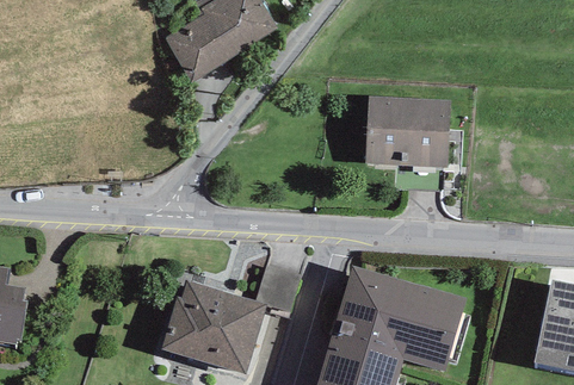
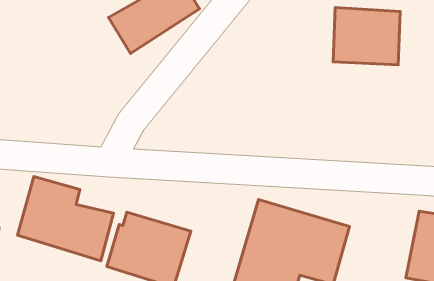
building: [365,97,449,168] -> [333,8,400,65]
building: none -> [17,177,114,261]

